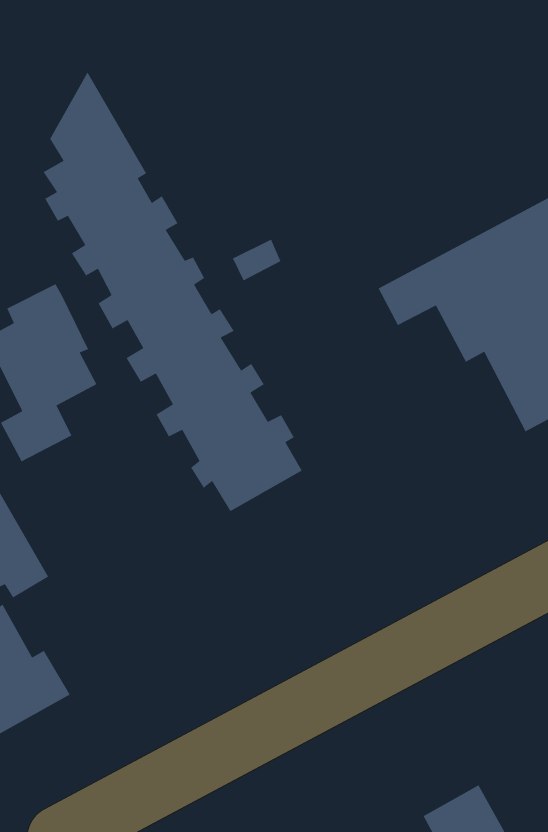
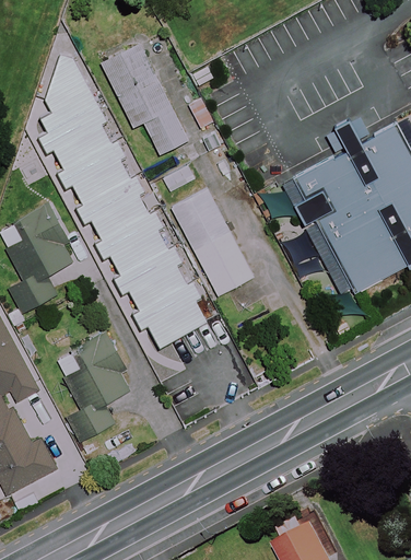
building: none -> [103,46,187,155]
building: none -> [172,189,253,296]
building: none -> [56,330,129,441]

